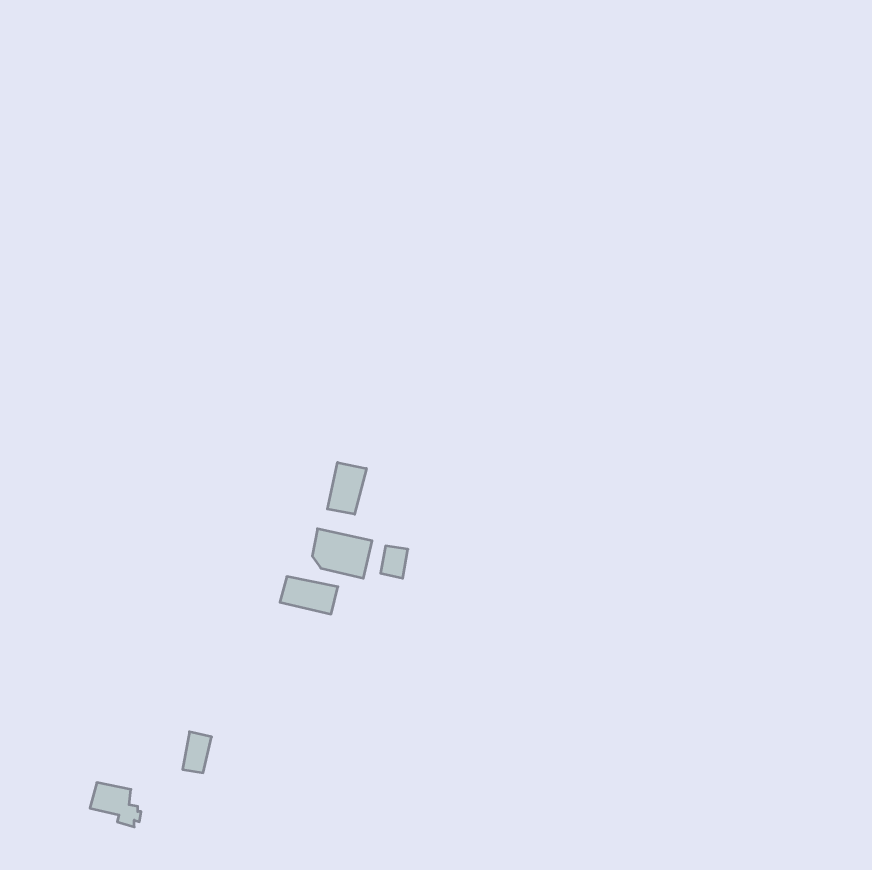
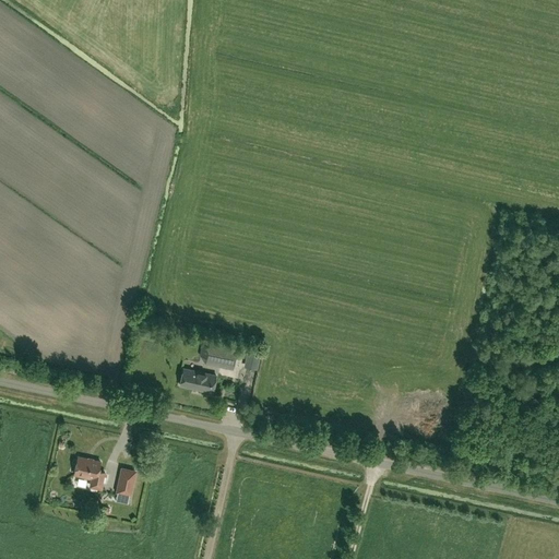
building: [327,462,366,514] -> none
building: [90,783,141,827] -> [73,459,106,487]

